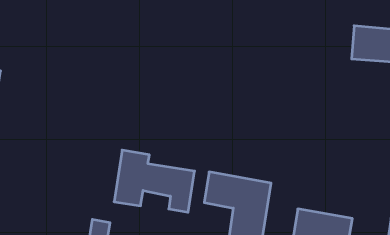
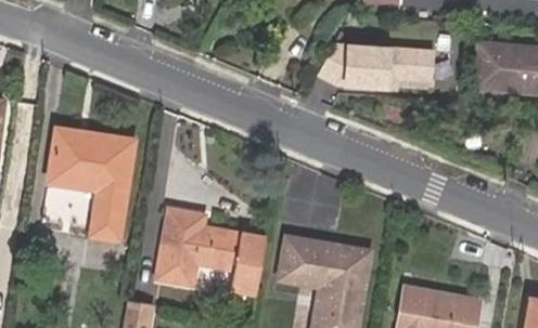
building: none -> [320,41,431,84]
building: none -> [48,129,133,239]

